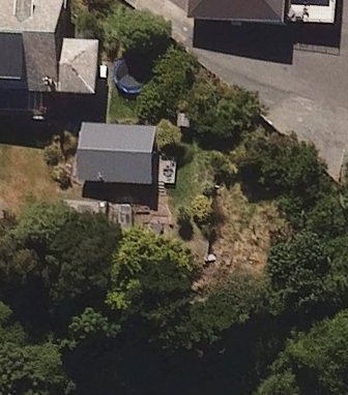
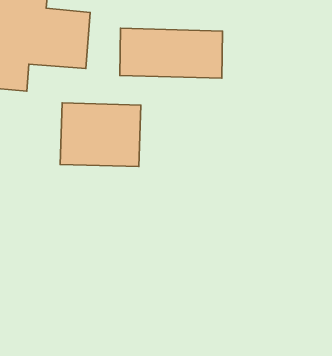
building: none -> [120,28,223,78]

